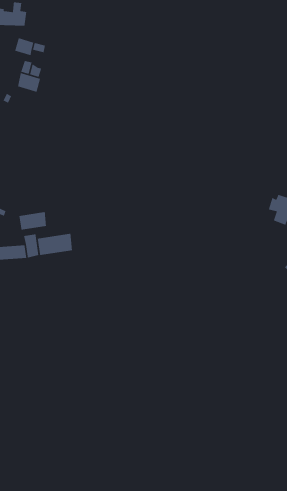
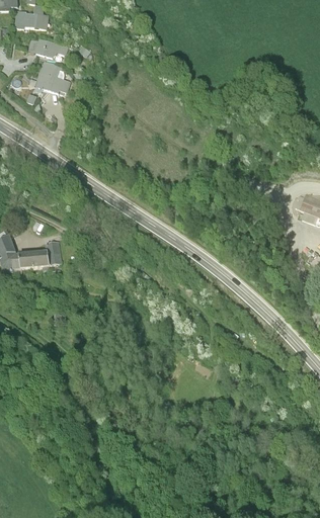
building: [19,211,47,231] -> none
building: [37,233,73,256] -> none

